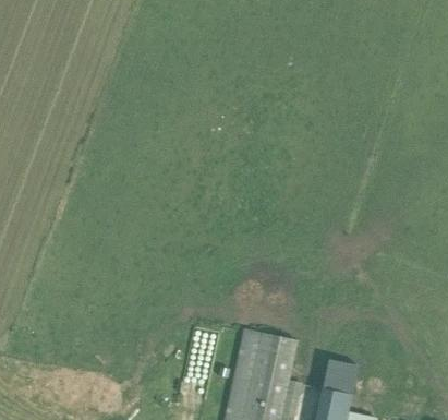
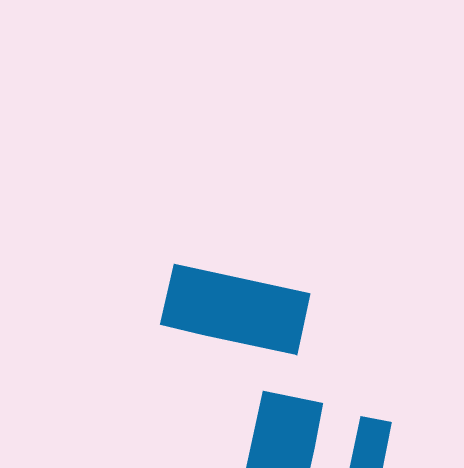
building: none -> [159,263,311,357]

